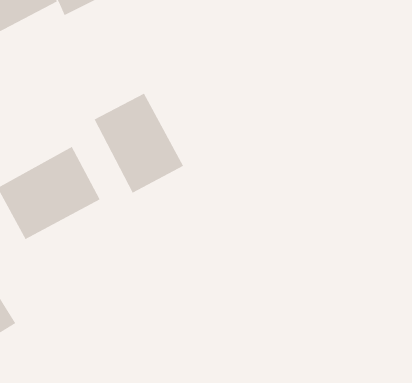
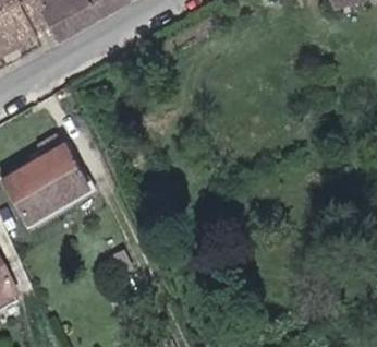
building: [94,93,184,194] -> none

